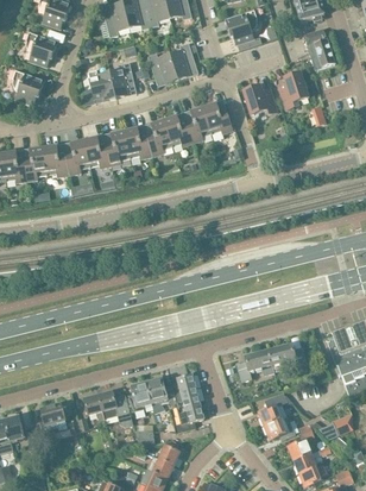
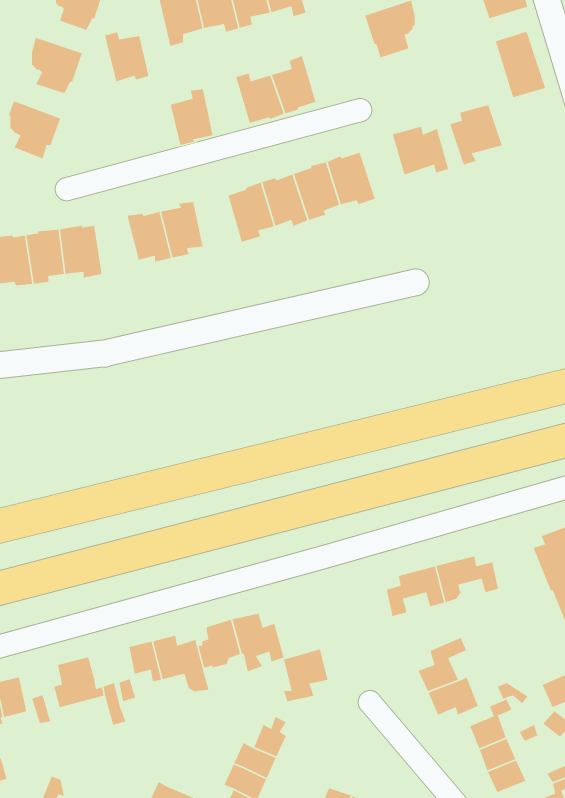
building: [88,70,115,101] -> [104,31,150,83]
building: [124,127,152,158] -> none
building: [64,139,90,175] -> none
building: [172,373,200,405] -> none

